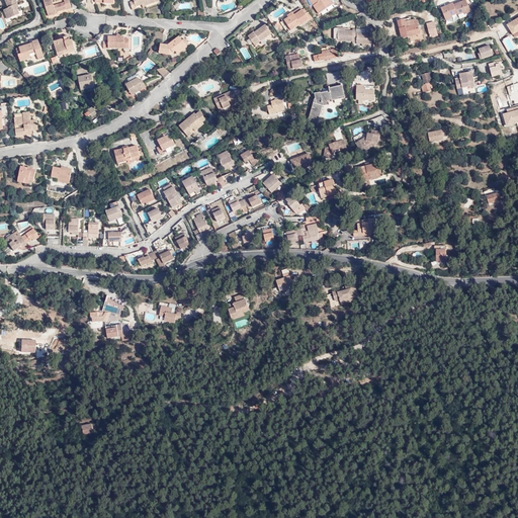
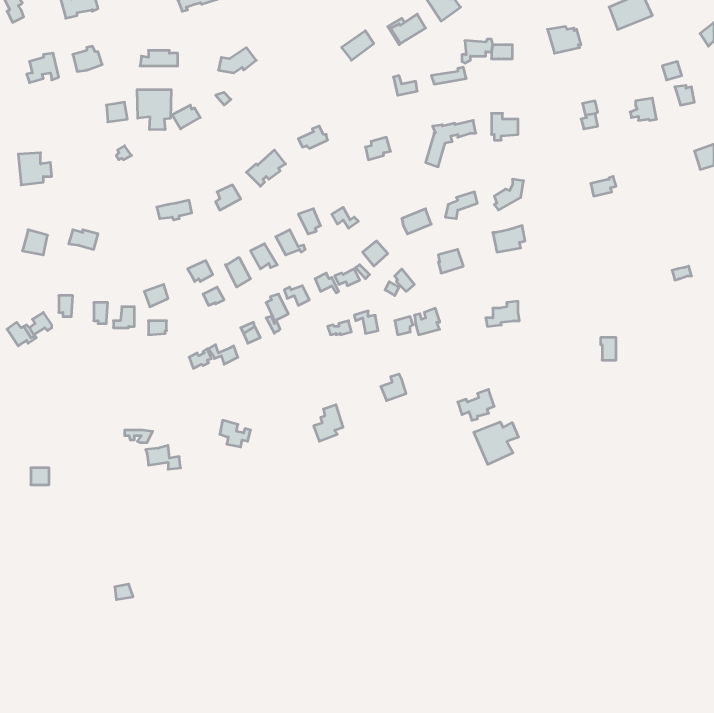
building: none -> [137,90,171,130]
building: none -> [474,422,518,464]

